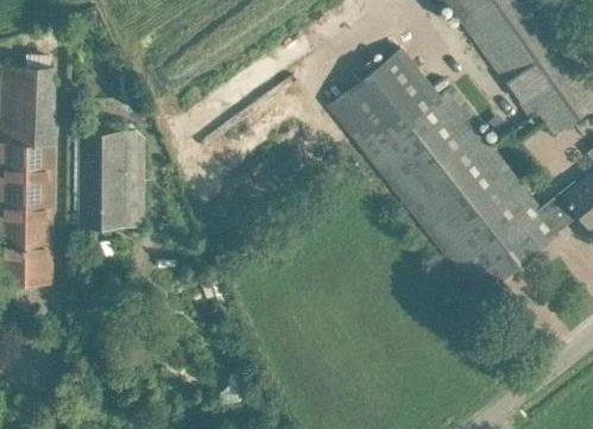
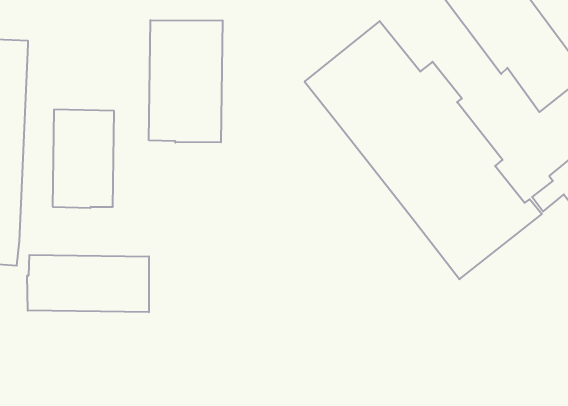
building: none -> [149,20,223,143]
building: none -> [27,255,149,312]

